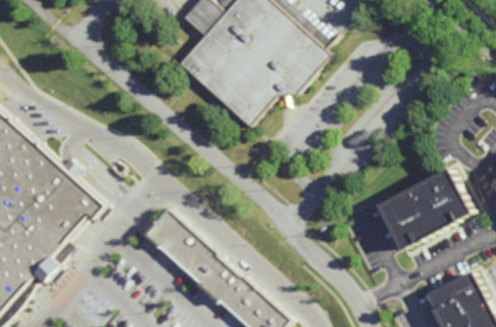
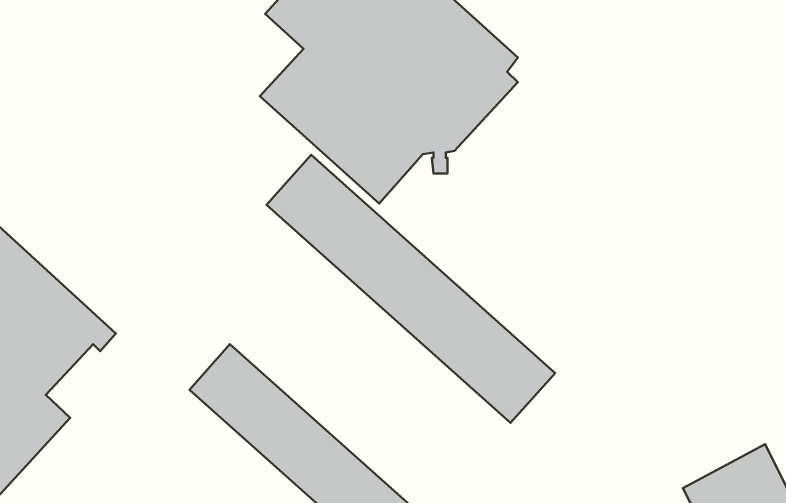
building: none -> [266,155,555,423]
building: [382,167,476,248] -> none

